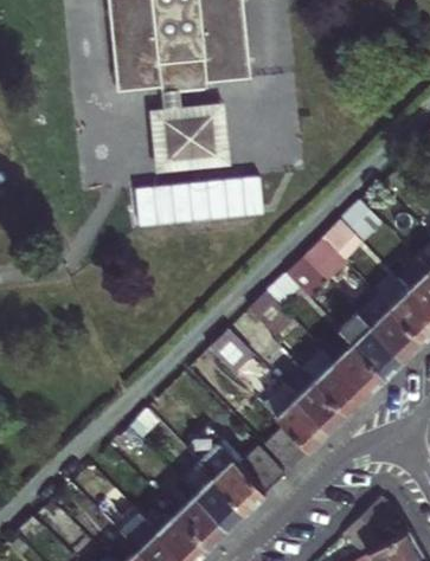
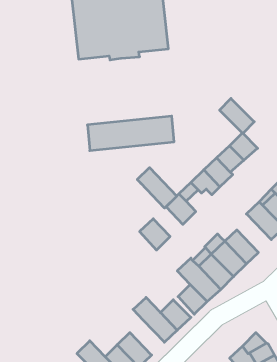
building: [153,91,233,173] -> none
building: none -> [220,98,254,133]
building: none -> [137,168,177,208]
building: [339,311,404,378] -> none
building: [195,477,246,529] -> none

